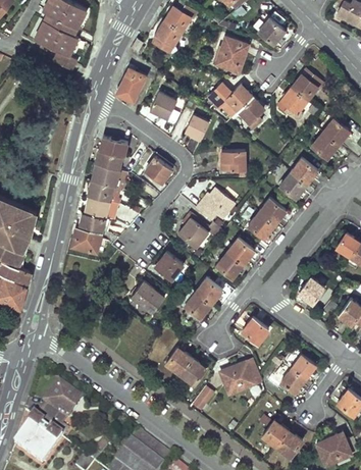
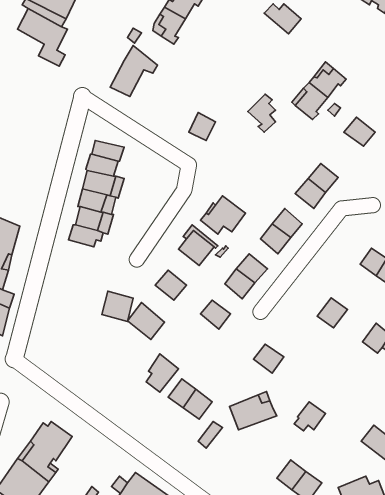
building: [216,37,248,71] -> none
building: [207,84,253,117] -> none
building: [149,92,177,120] -> none
building: [311,130,340,158] -> none
building: [215,151,245,172] -> none
building: [145,156,172,184] -> none
building: [74,225,102,252] -> [102,291,133,321]
building: [184,291,212,324] -> [146,354,178,392]
building: [286,350,316,378] -> none

